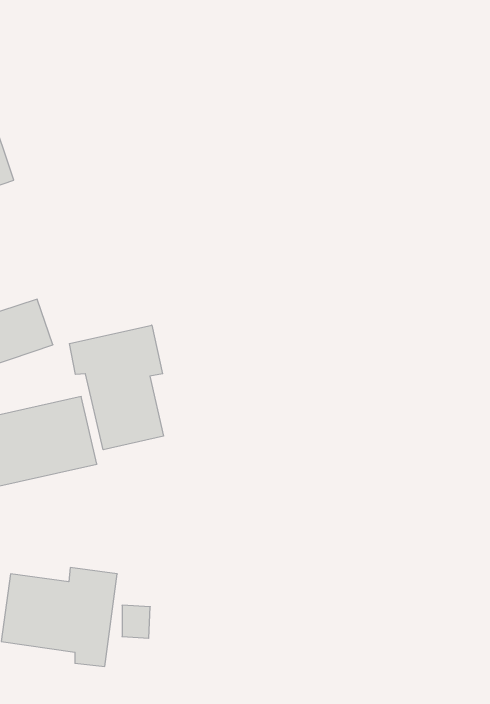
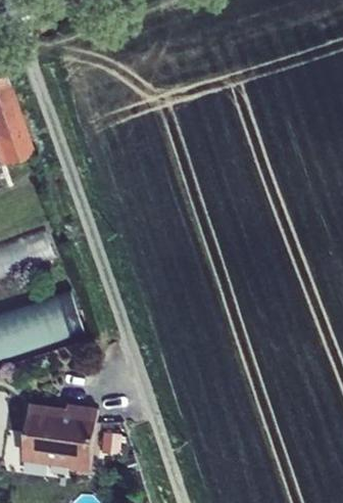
building: [69,325,163,450] -> none

